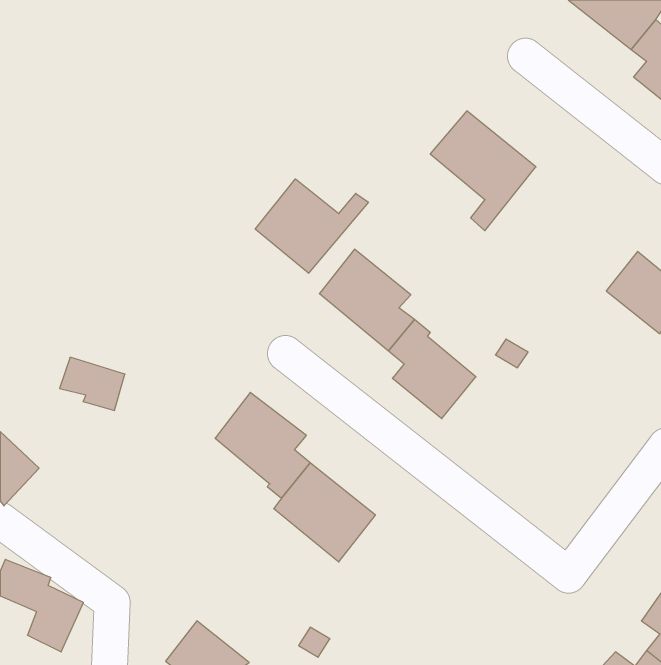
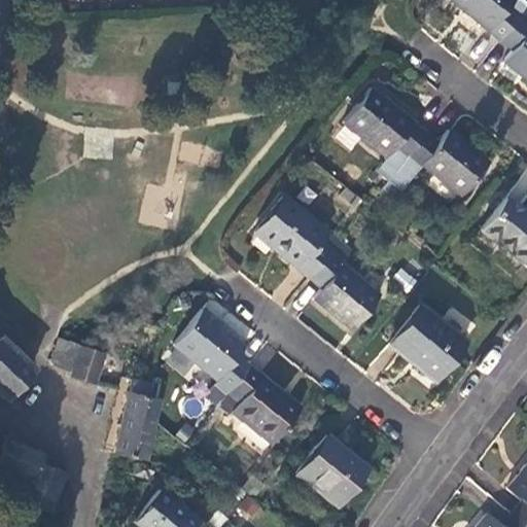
building: none -> [387,131,490,198]
building: [255,179,368,273] -> none
building: [60,357,125,411] -> [51,342,103,384]
building: none -> [391,309,464,381]
building: none -> [115,379,159,459]
building: none -> [295,434,367,507]

